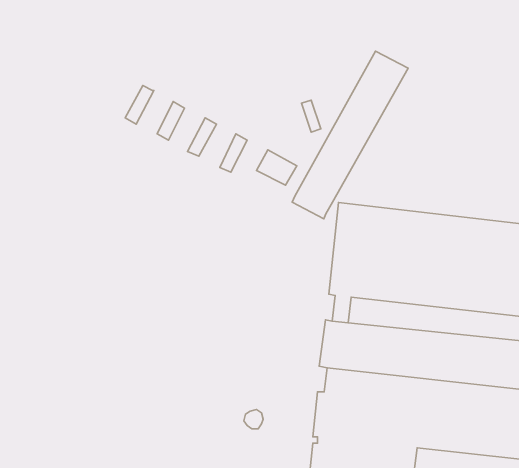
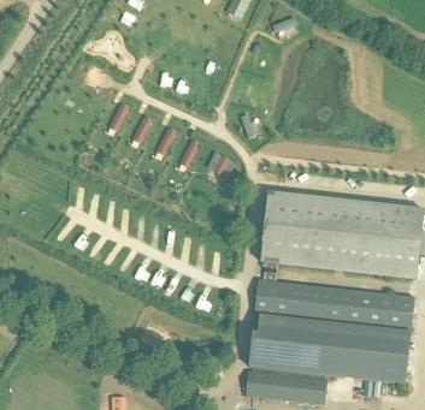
building: [292,51,408,219] -> none

